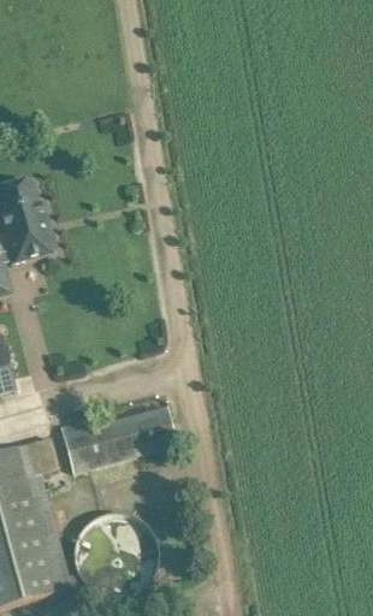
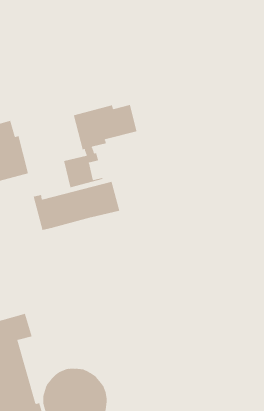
building: none -> [63,104,137,188]
building: [61,405,178,472] -> [33,181,120,231]

